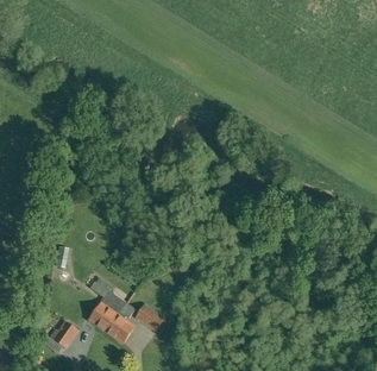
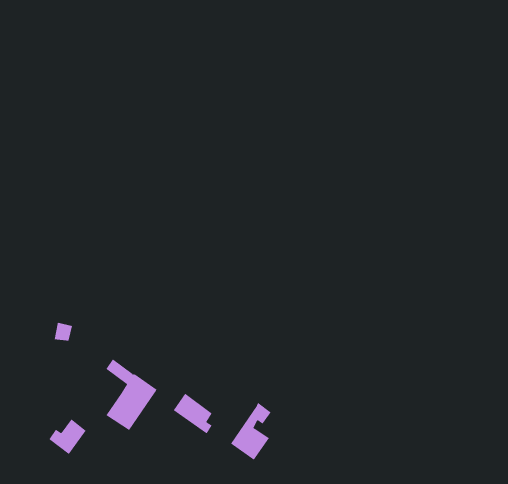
building: [107,302,136,342] -> [230,402,272,461]

